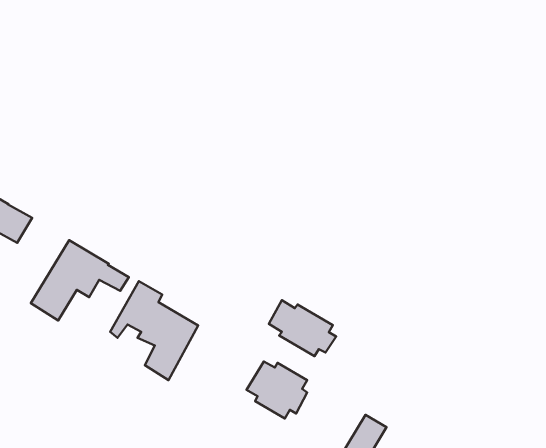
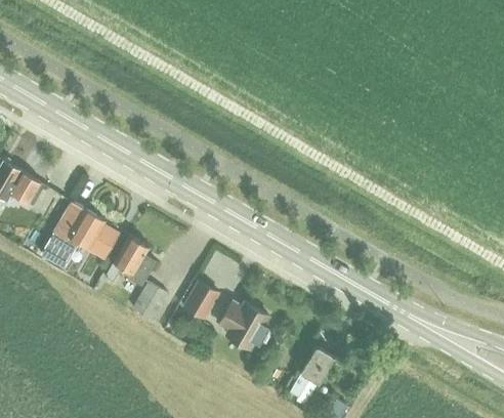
building: [269,300,336,356] -> none
building: none -> [183,283,218,320]

